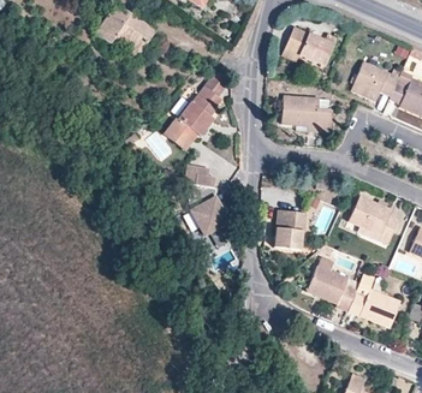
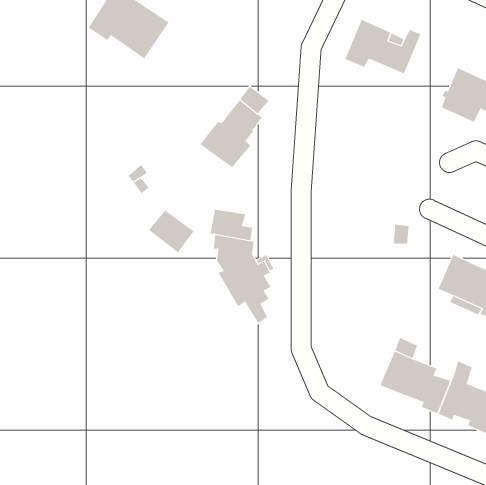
building: [281,96,332,132] -> none
building: [165,117,198,148] -> [148,210,195,253]
building: [273,210,307,250] -> none

